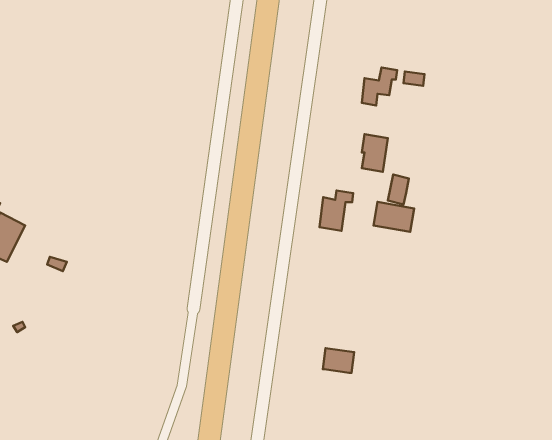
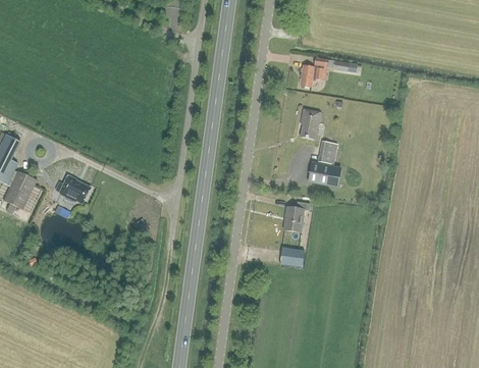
building: [319,191,353,231] -> [284,201,311,232]
building: none -> [55,174,91,203]
building: [323,348,354,373] -> [280,247,305,266]

